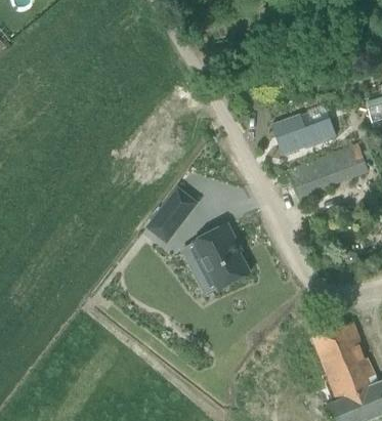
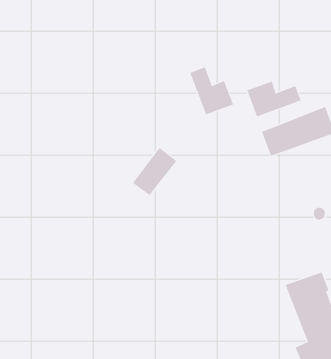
building: none -> [190,67,234,115]
building: [193,219,248,284] -> none

